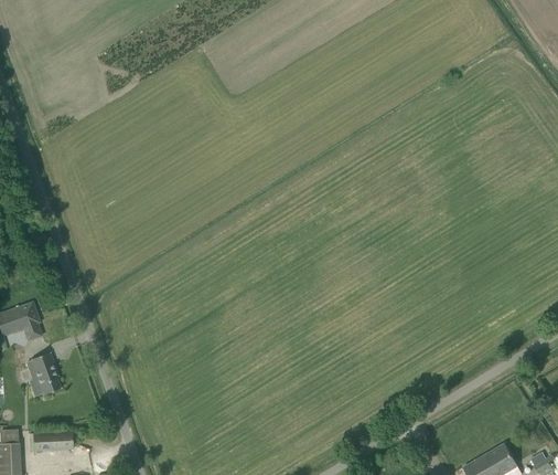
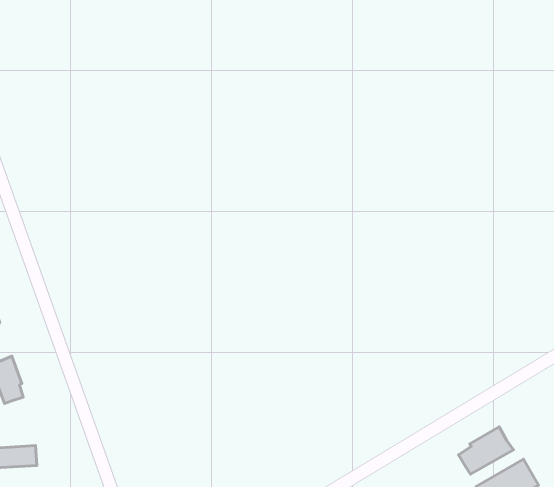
building: none -> [459,427,513,474]

